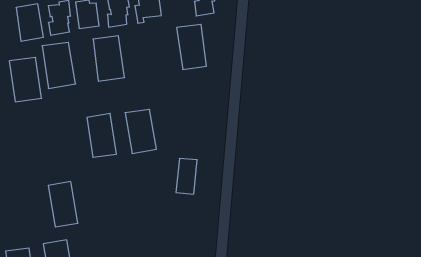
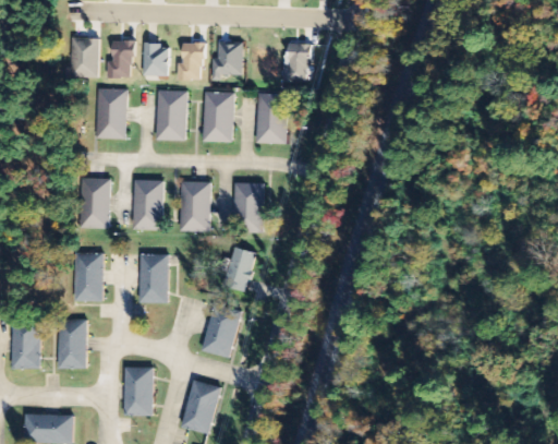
building: none -> [203,93,234,143]
building: [9,57,42,102] -> [77,178,110,228]
building: none -> [232,183,264,233]
building: none -> [138,254,168,303]
building: none -> [201,302,242,358]

